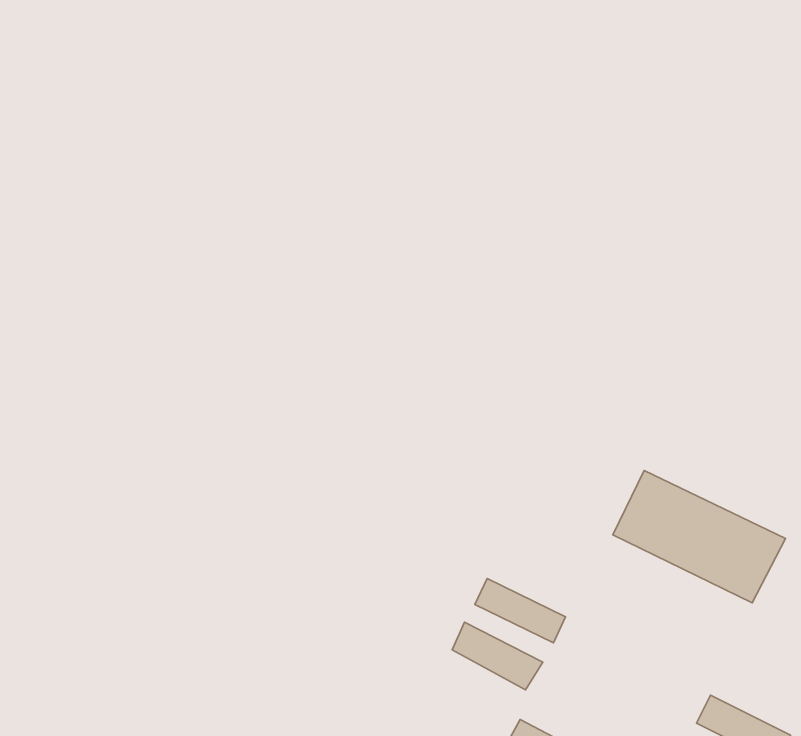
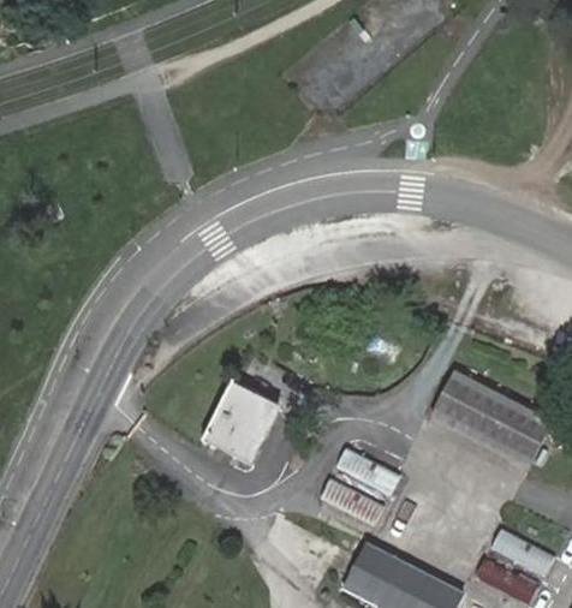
building: none -> [202,388,276,465]

